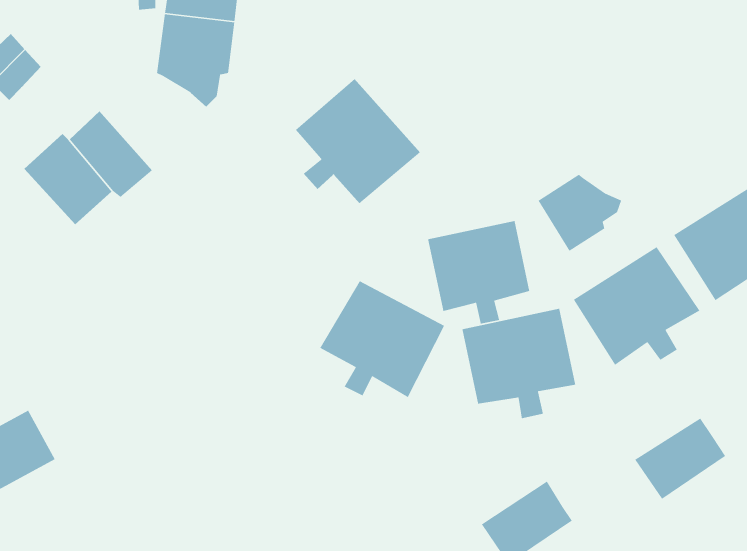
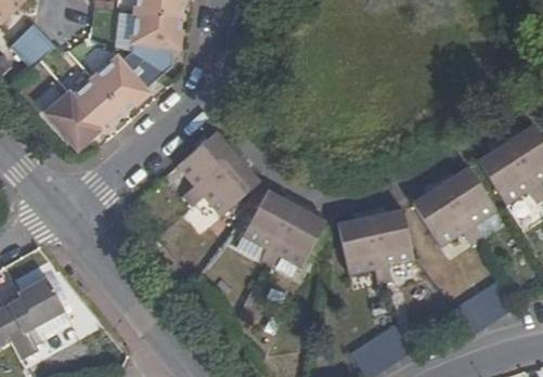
building: none -> [93,51,165,116]
building: [295,78,421,204] -> [176,131,260,216]
building: [537,174,622,252] -> none
building: [427,220,530,325] -> none

